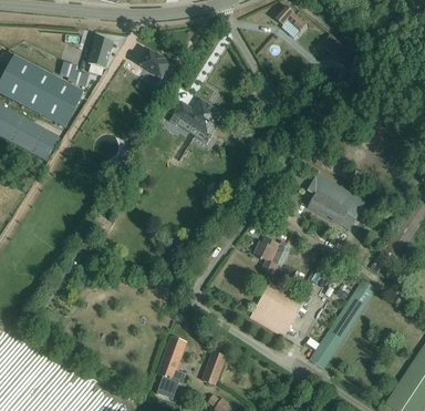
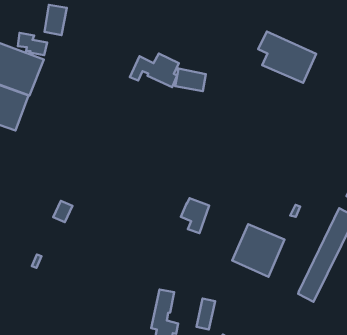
building: [139,50,172,79] -> none
building: none -> [175,68,206,91]
building: [307,173,364,229] -> [258,31,316,83]
building: [255,237,284,274] -> [181,198,209,233]

